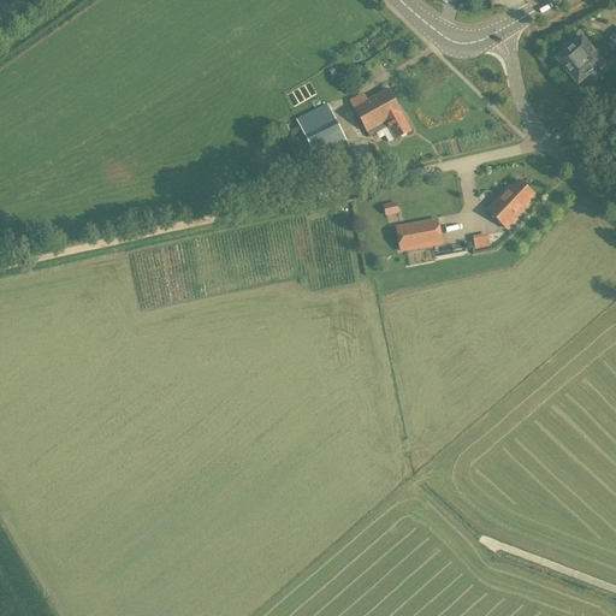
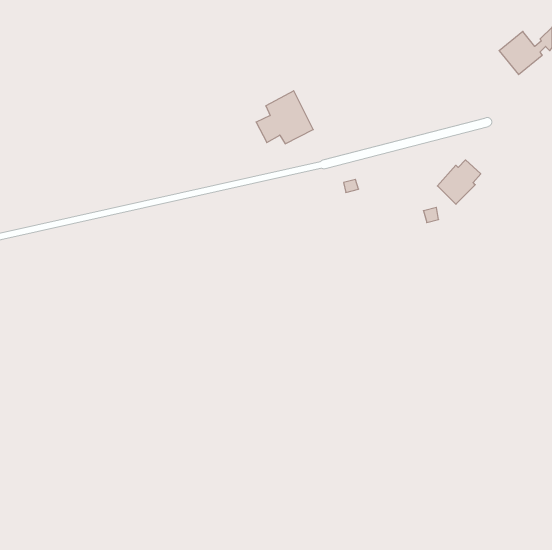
building: [355,88,411,140] -> none
building: [397,218,442,249] -> none

